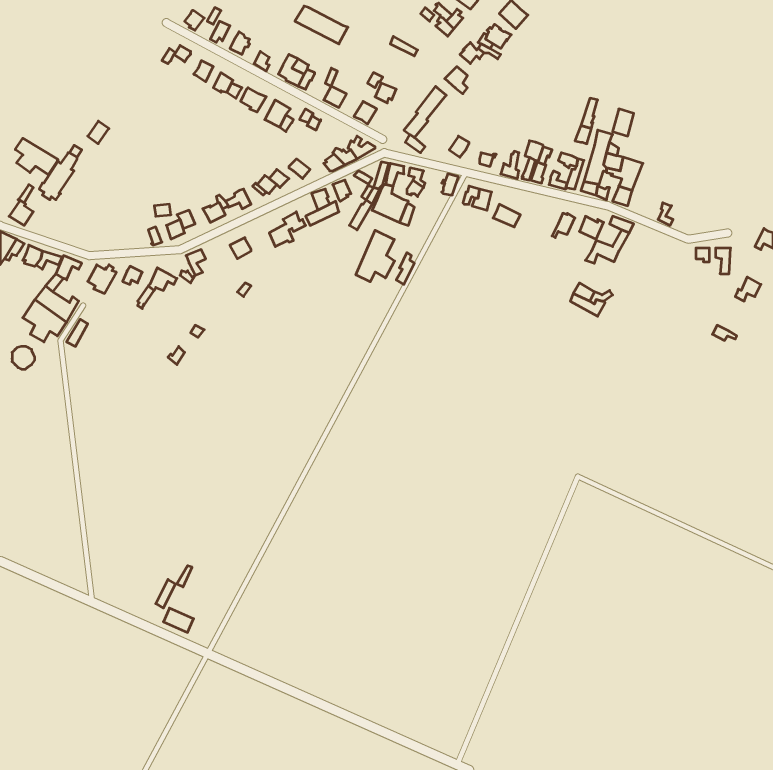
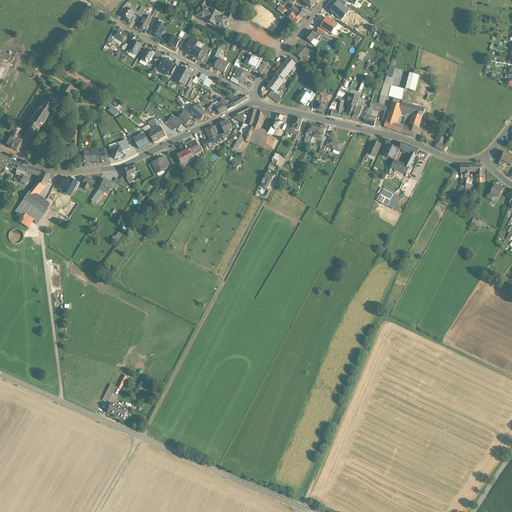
building: [15,138,58,175] -> none
building: [356,230,395,282] -> none

